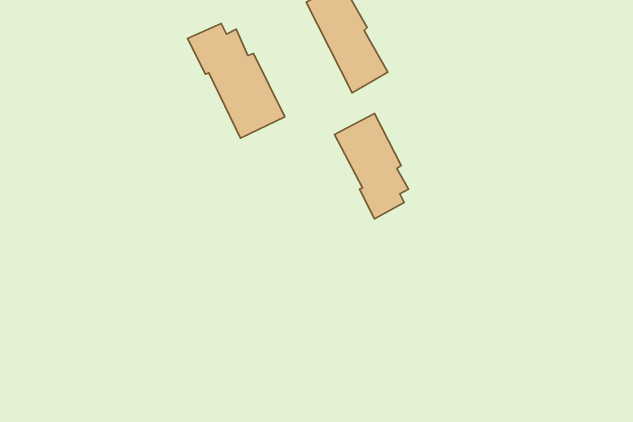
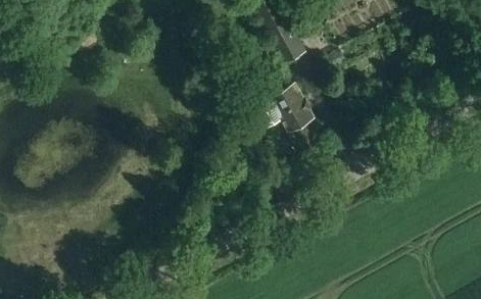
building: [187,23,285,138] -> none

